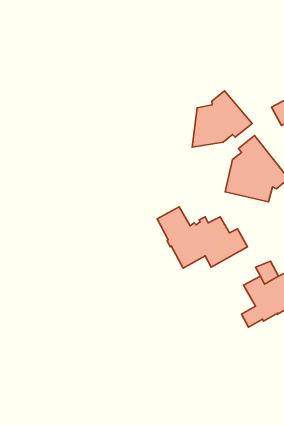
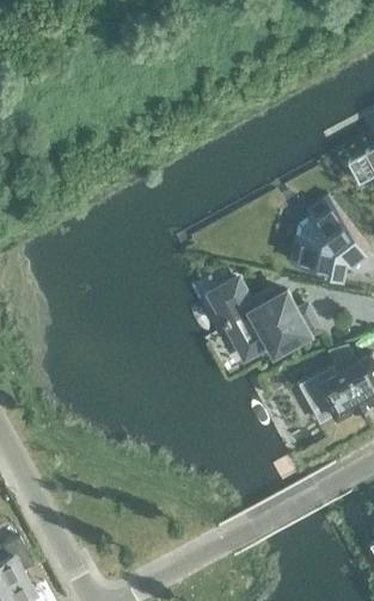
building: [192,91,252,147] -> none

